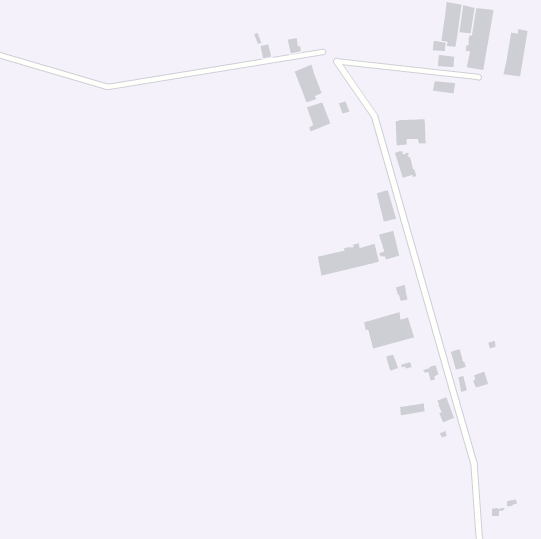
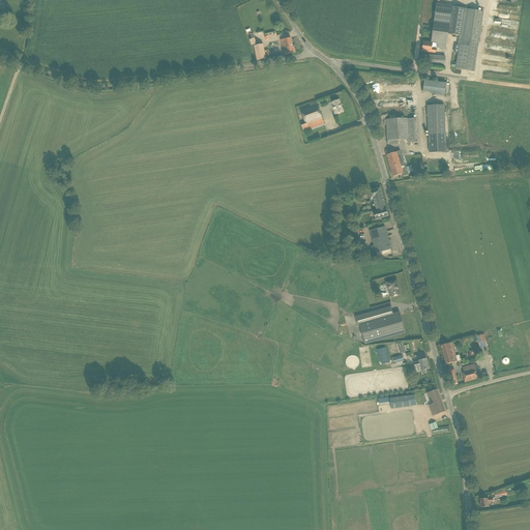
building: [502,28,529,77] -> none
building: [294,64,323,103] -> none
building: none -> [428,102,446,150]
building: [317,243,380,277] -> none

